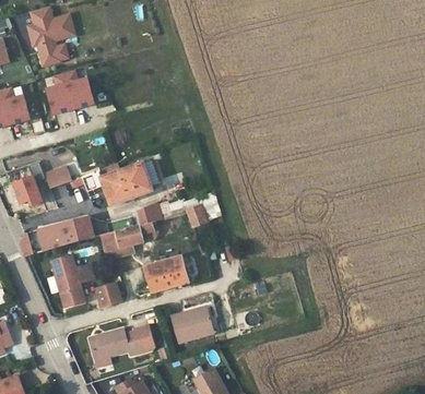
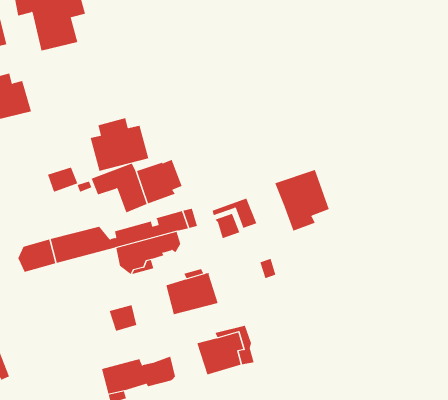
building: [45,70,95,116] -> [90,117,149,171]
building: none -> [274,169,330,232]
building: [11,175,44,210] -> none
building: [54,255,94,305] -> none

